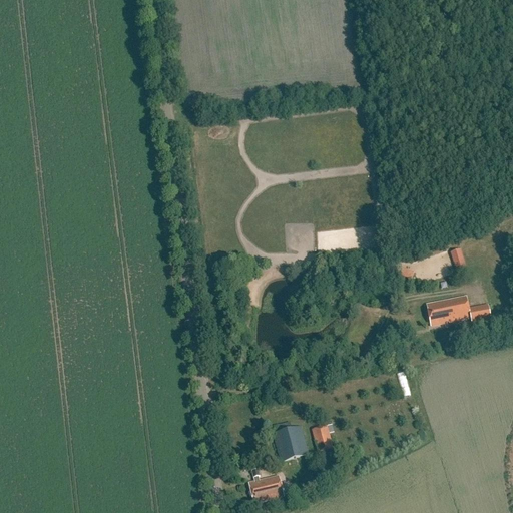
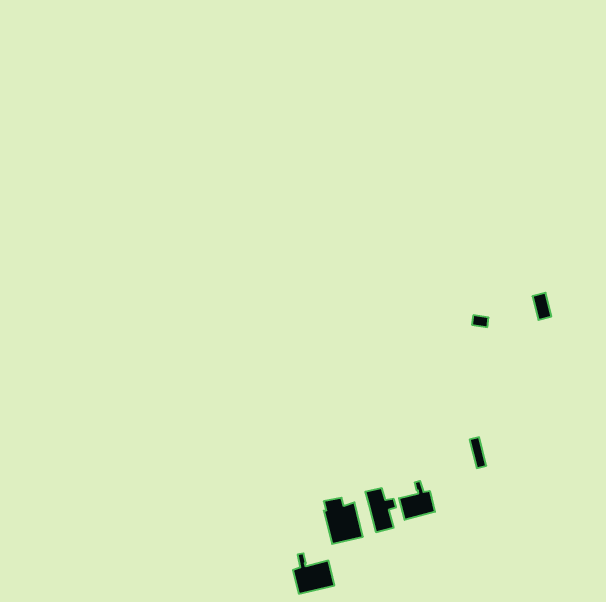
building: [427,295,489,323] -> none
building: none -> [399,481,435,520]

